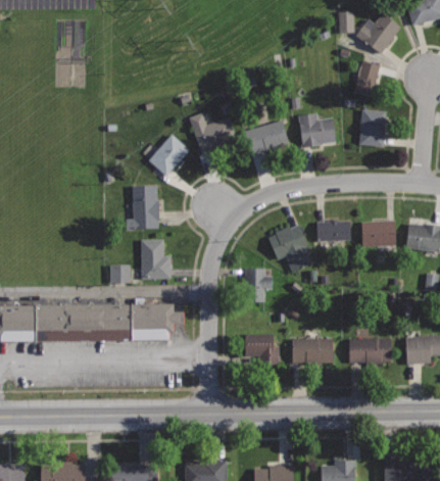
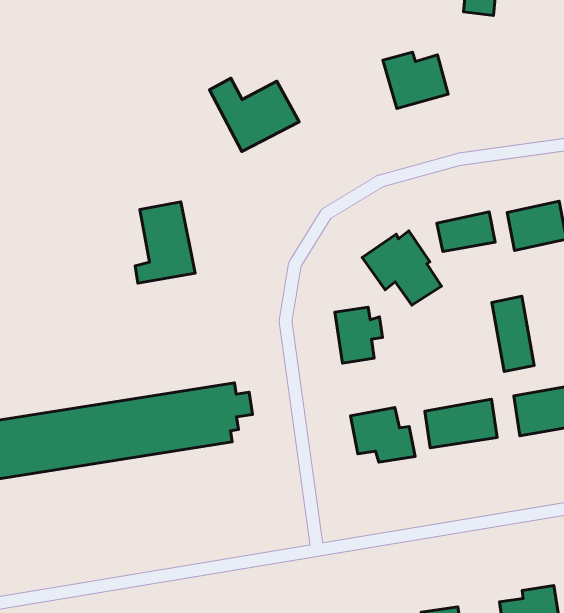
building: [358,109,387,147] -> none
building: [243,119,290,153] -> none
building: [148,134,190,177] -> none
building: [140,239,172,280] -> none
building: [107,266,128,285] -> none
building: none -> [492,296,534,372]

